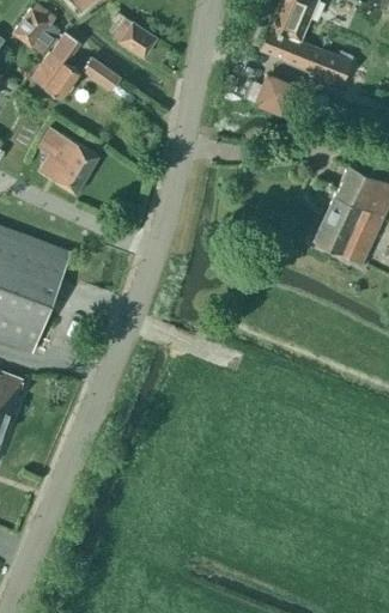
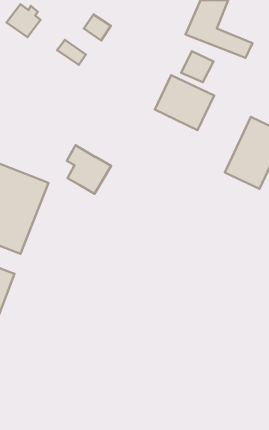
building: [31,32,81,101] -> none
building: none -> [155,75,214,130]
building: [37,127,98,194] -> [67,145,111,194]

